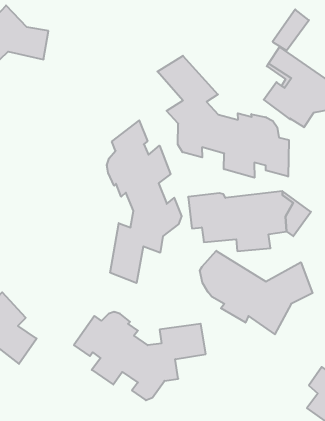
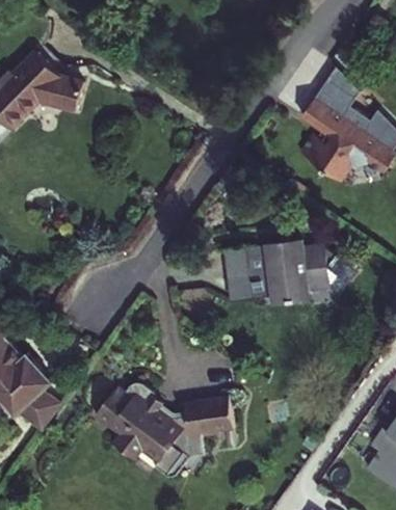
building: [157,56,289,178] -> none
building: [107,120,182,283] -> none
building: [200,251,313,334] -> none

